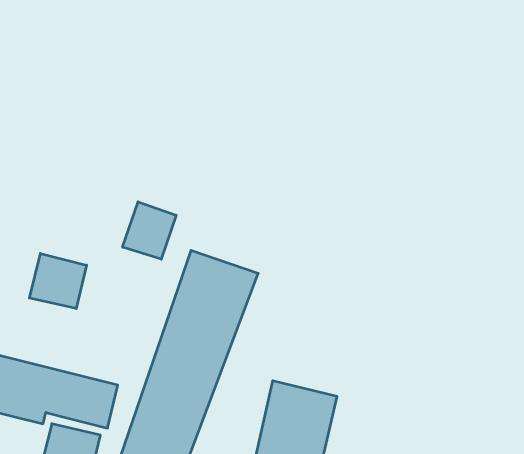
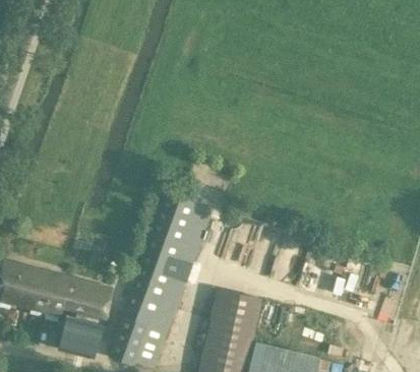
building: [123,202,176,259] -> none
building: [29,253,87,309] -> none

